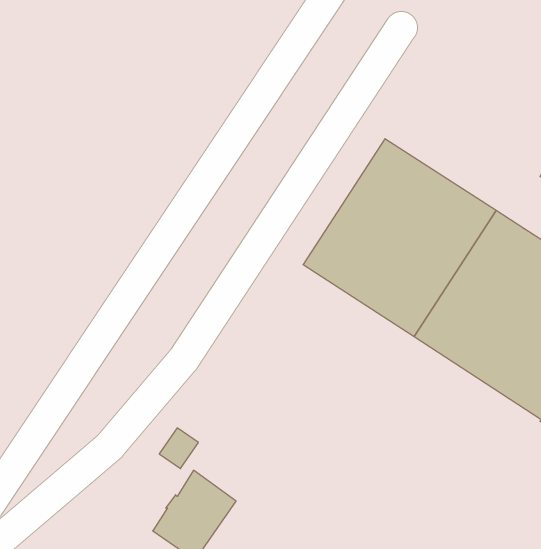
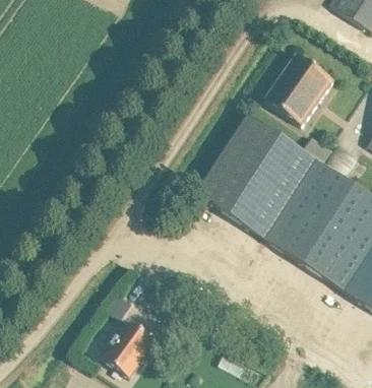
building: none -> [263,52,332,125]

